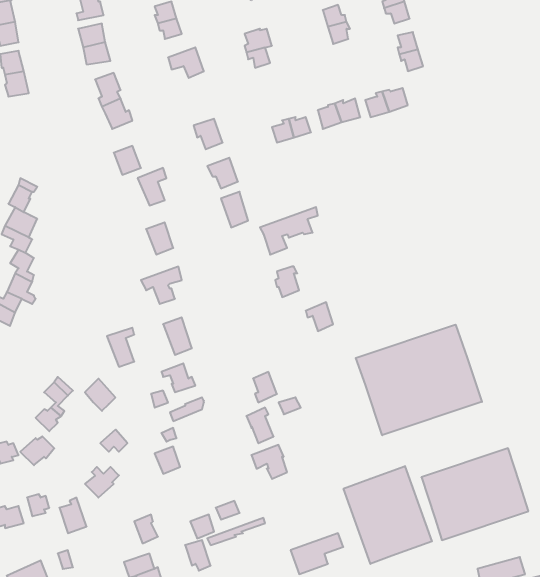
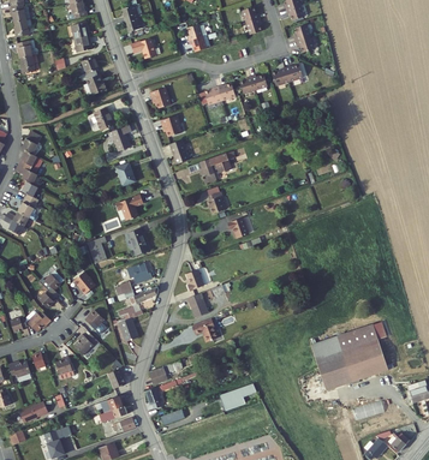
building: [356,325,482,435] -> none
building: [344,466,432,564] -> none

